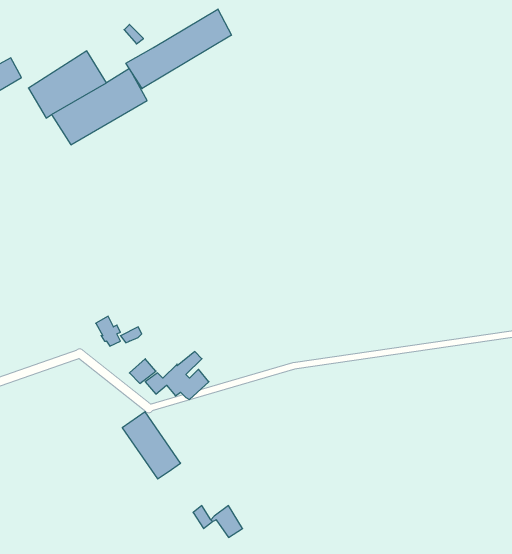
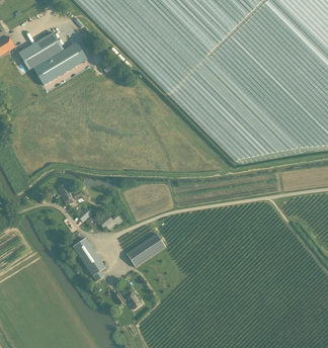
building: [126,9,231,89] -> none
building: none -> [126,233,165,267]

